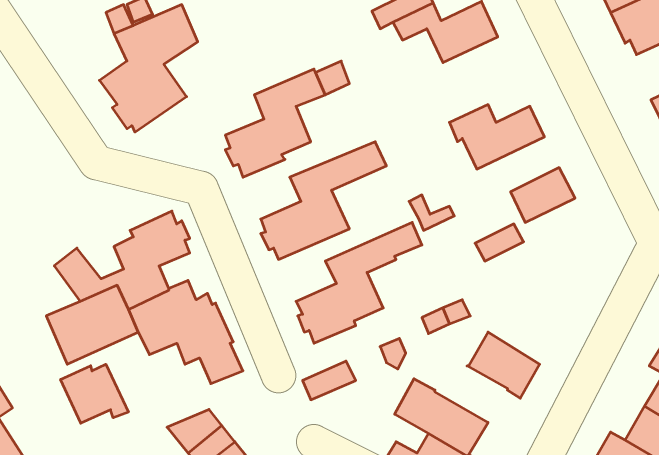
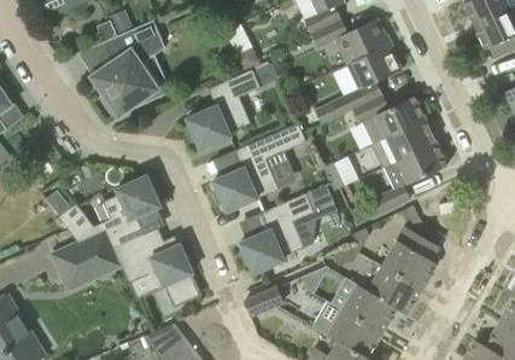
building: none -> [316,45,402,124]
building: none -> [374,120,435,167]
building: none -> [382,227,439,290]
building: none -> [343,284,397,333]
building: [61,364,128,423] -> none

